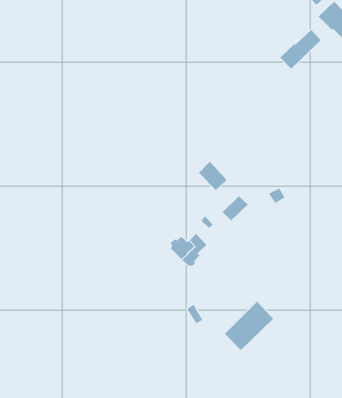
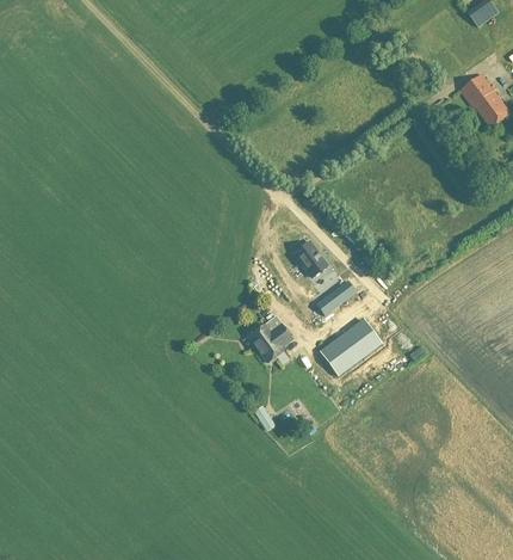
building: [280,29,322,69] -> none
building: [224,301,274,351] -> [321,319,382,375]

